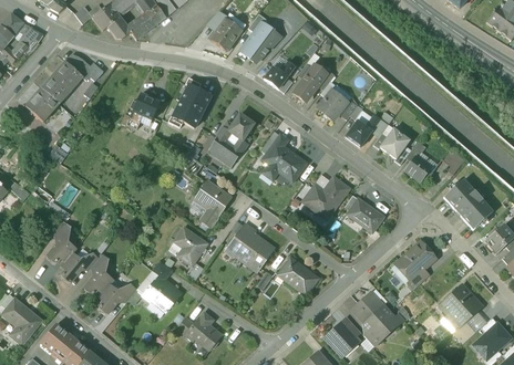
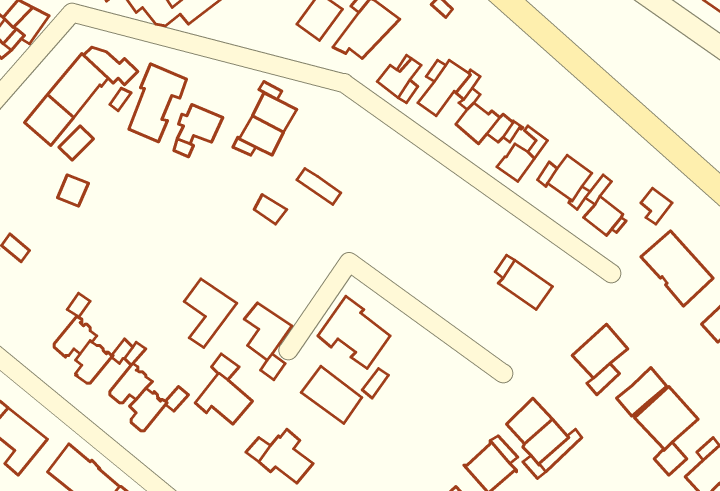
building: none -> [129,64,186,142]
building: [216,113,254,153] -> none
building: [263,134,307,181] -> none
building: [302,176,349,212] -> none
building: [196,180,232,227] -> [184,279,237,348]
building: [277,257,318,295] -> [301,366,362,424]
building: none -> [617,367,666,416]

